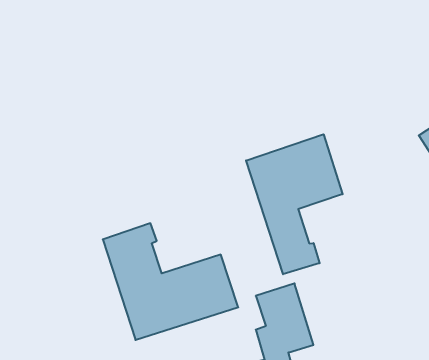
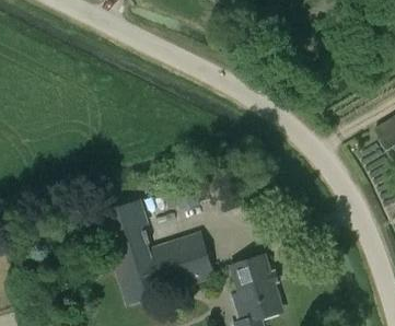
building: [246,134,343,274] -> none

